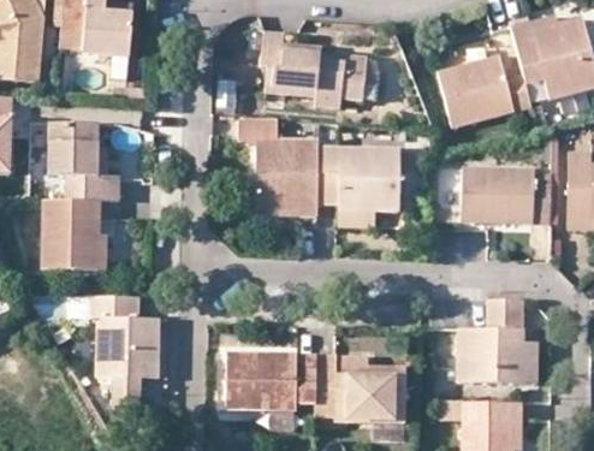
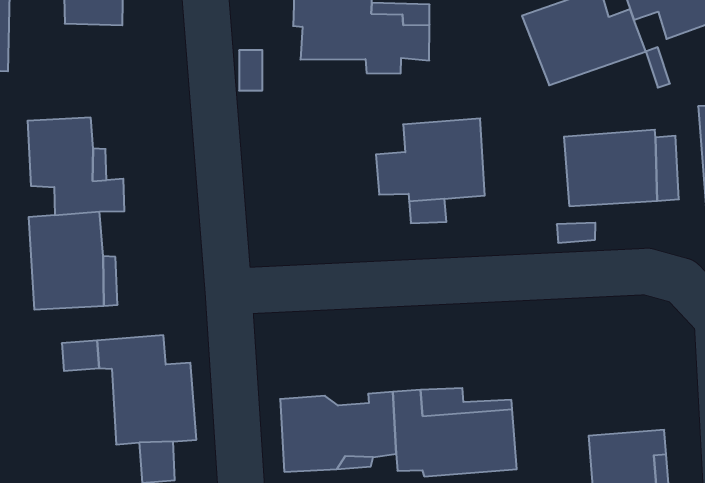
building: [239,118,317,215] -> none
building: [461,298,535,382] -> none

